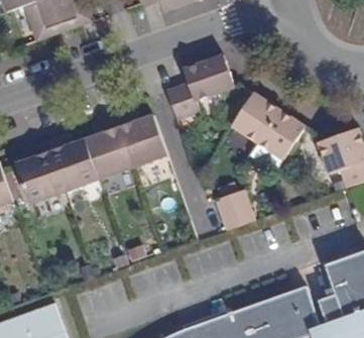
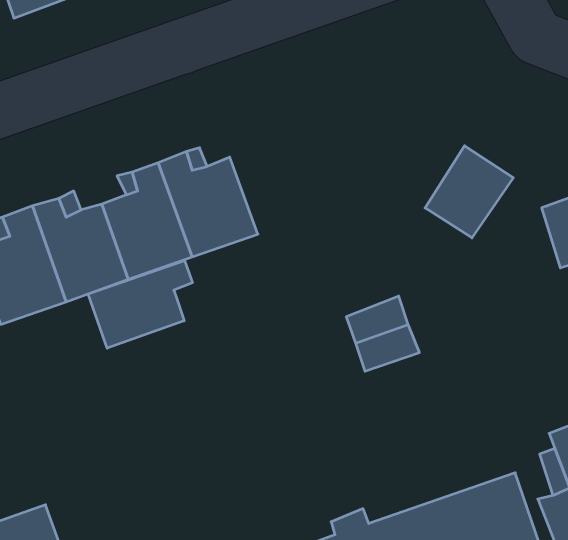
building: [165,54,235,120] -> none
building: [231,92,278,142] -> none
building: none -> [88,260,192,348]

